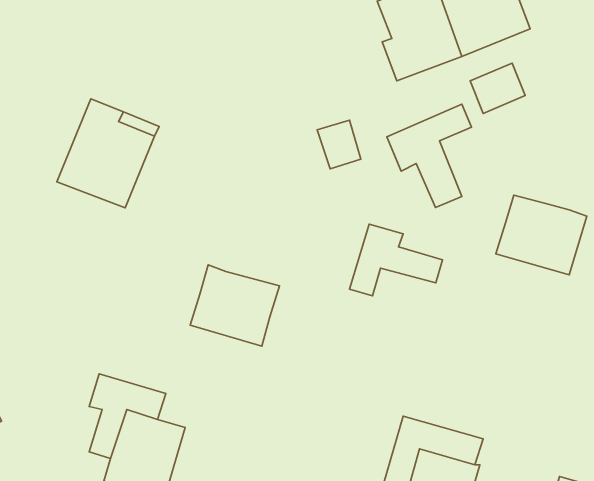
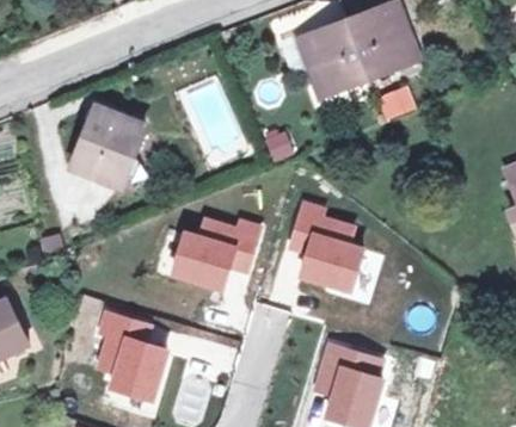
building: [387,104,472,208] -> none
building: [496,195,587,275] -> [296,233,363,291]
building: none -> [196,217,260,273]

